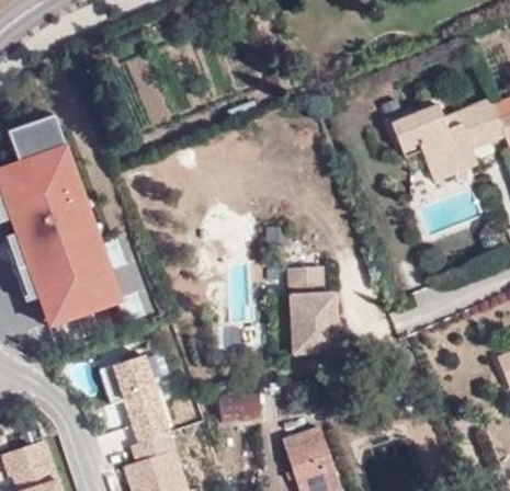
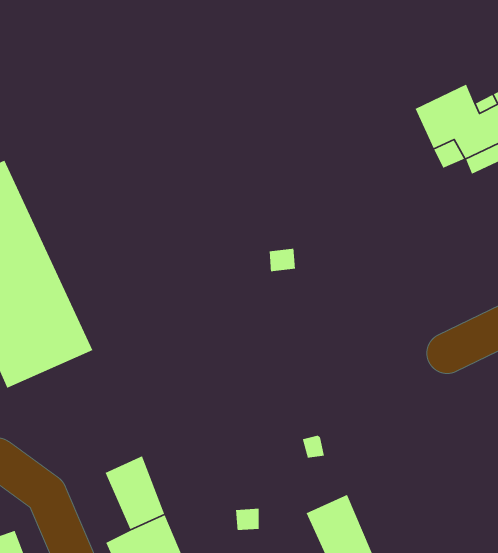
building: [291,269,340,352] -> none
building: [107,350,154,399] -> none
building: [217,390,262,424] -> none

